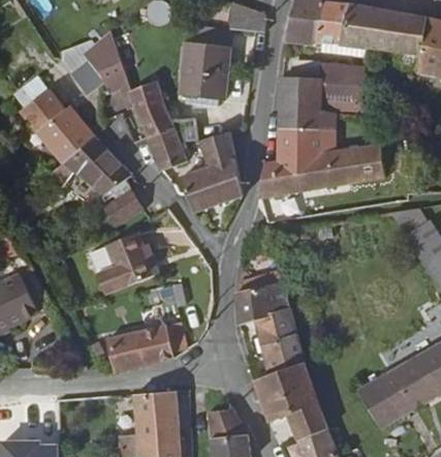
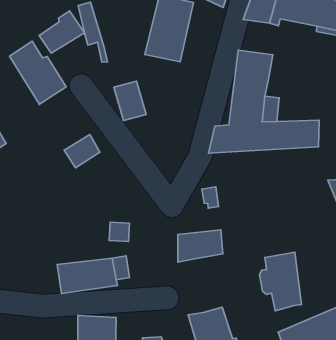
building: [319,63,366,109] -> none
building: [131,81,171,133] -> none
building: [181,132,242,211] -> none
building: [66,139,125,189] -> none
building: [85,234,152,297] -> none
building: [251,308,302,376] -> [259,252,301,311]

